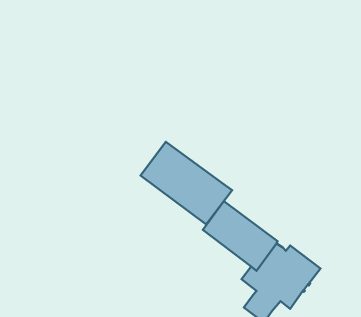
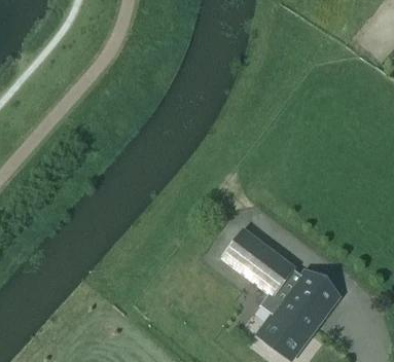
building: [141,142,232,224] -> none

